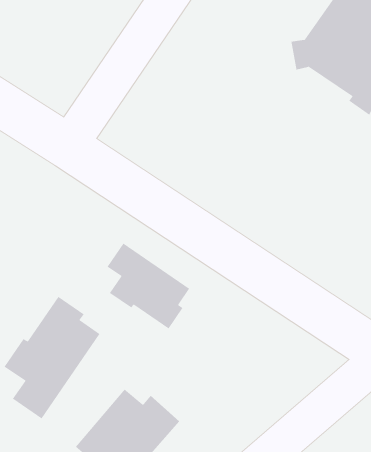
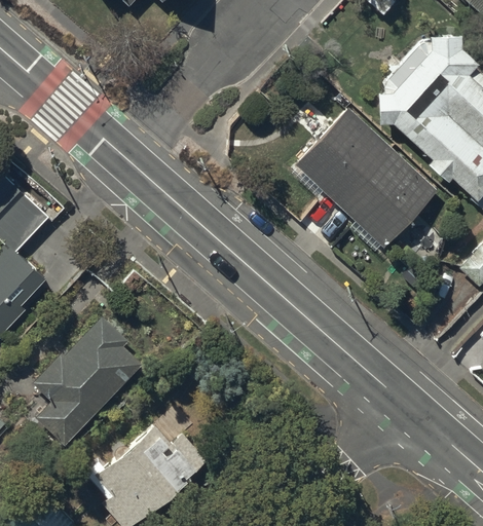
building: none -> [294,108,438,250]
building: [106,242,190,329] -> none

